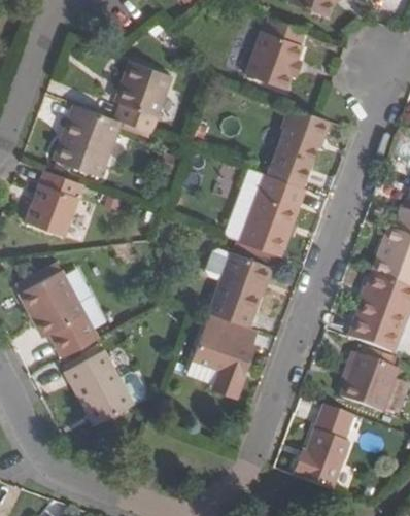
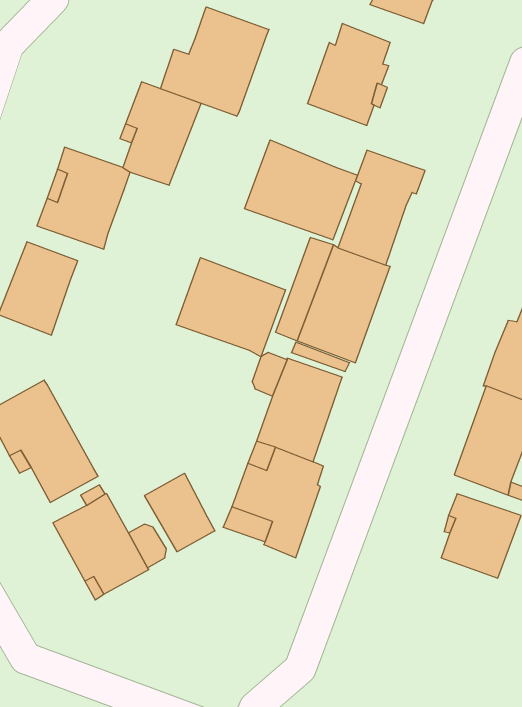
building: none -> [161,7,269,116]
building: none -> [244,140,357,240]
building: none -> [176,258,285,357]
building: none -> [145,473,215,552]
building: [294,405,355,490] -> none

